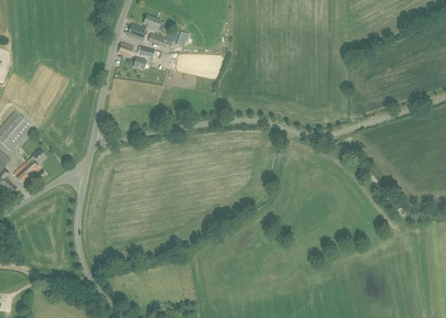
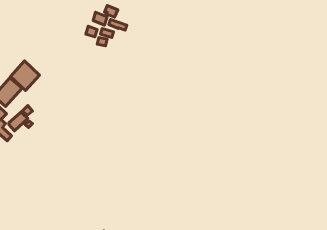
building: none -> [10,61,39,91]

